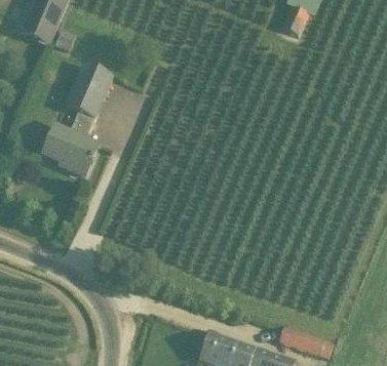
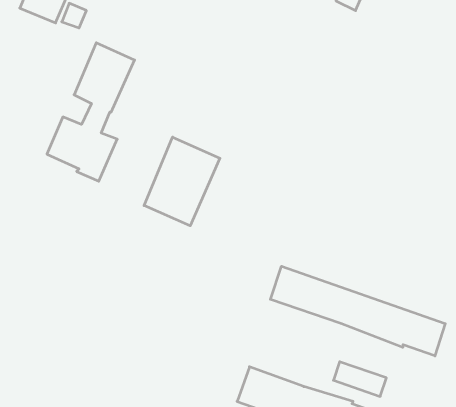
building: none -> [144,137,220,226]
building: none -> [270,266,445,356]

